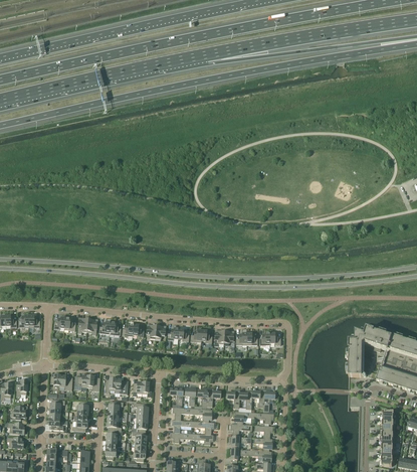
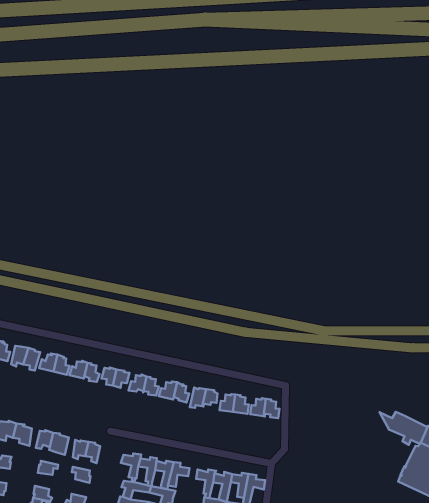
building: [349,330,364,376] -> none

